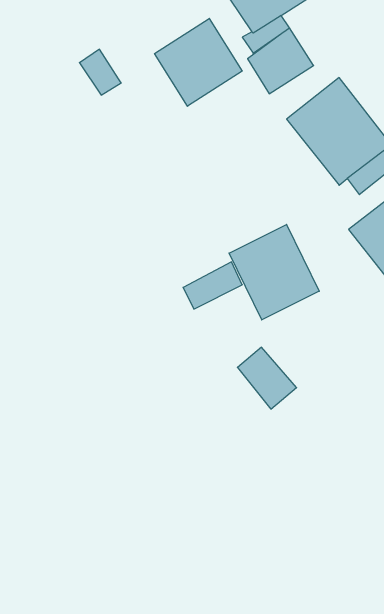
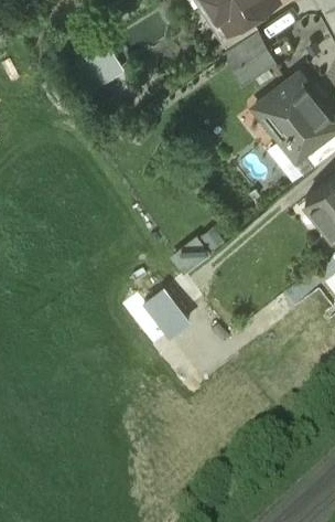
building: [155,18,242,106] -> none
building: [229,224,319,320] -> none
building: [237,347,297,409] -> [136,284,184,334]

